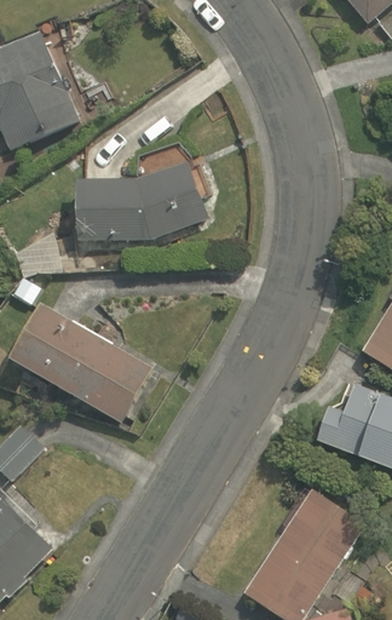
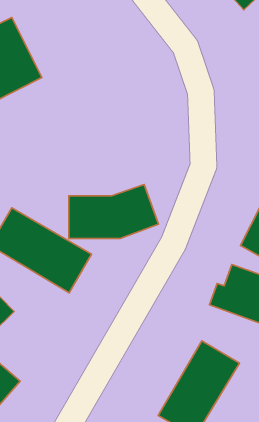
building: [76,165,203,241] -> [69,185,159,239]

